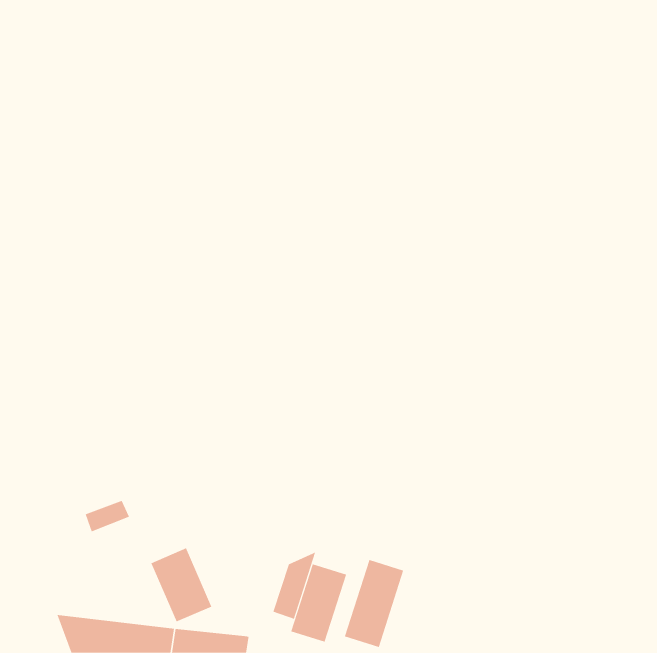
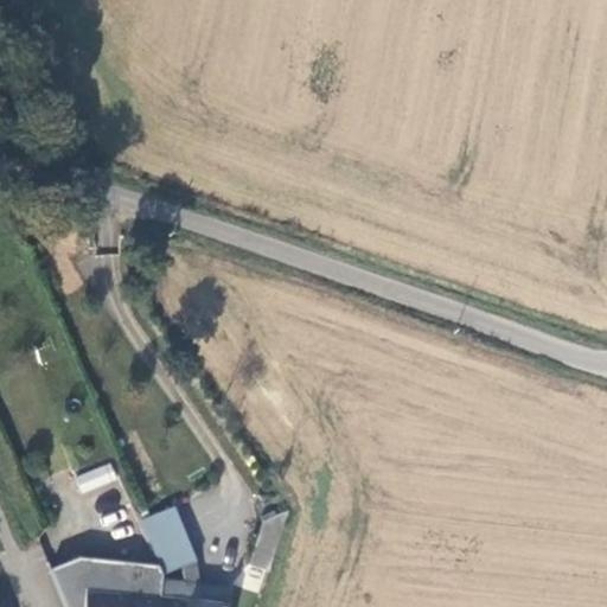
building: [344,559,404,648] -> none
building: [291,564,347,643] -> none

